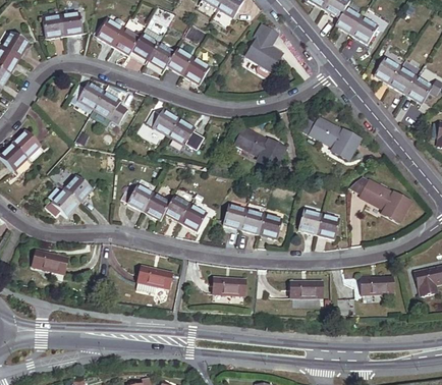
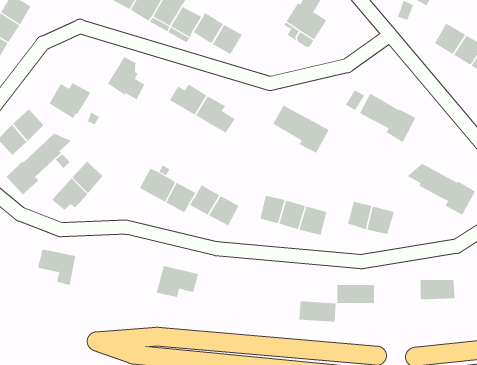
building: [68,81,105,113] -> [48,82,91,119]
building: none -> [6,133,72,195]
building: [213,277,245,295] -> [299,301,337,322]

